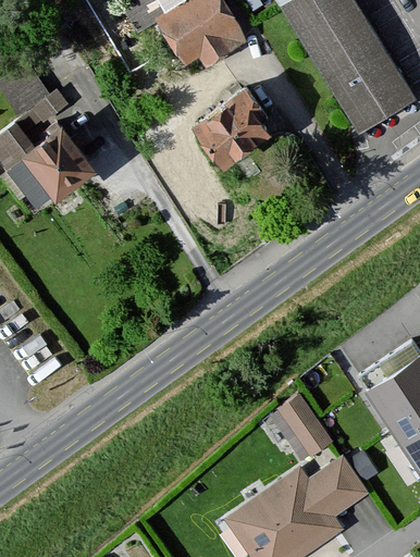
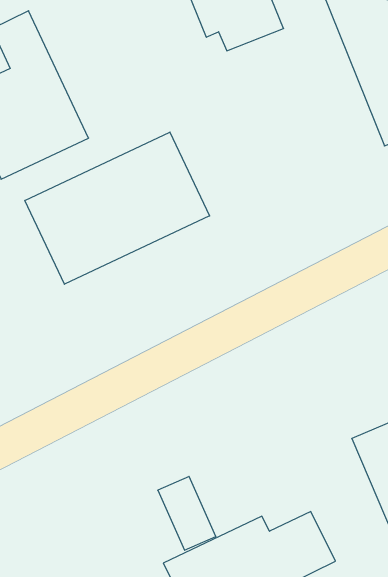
building: [185,85,272,169] -> none
building: none -> [25,132,210,284]
building: [276,394,333,458] -> [158,476,216,550]

